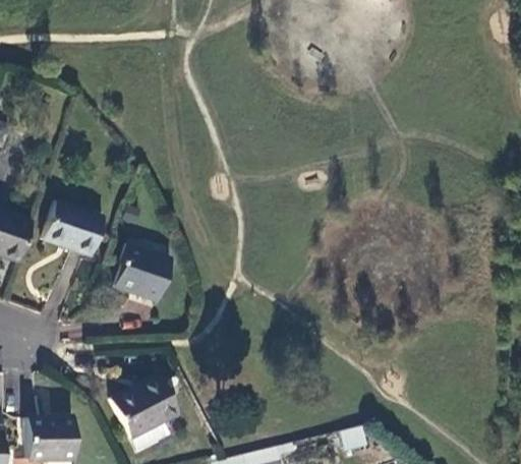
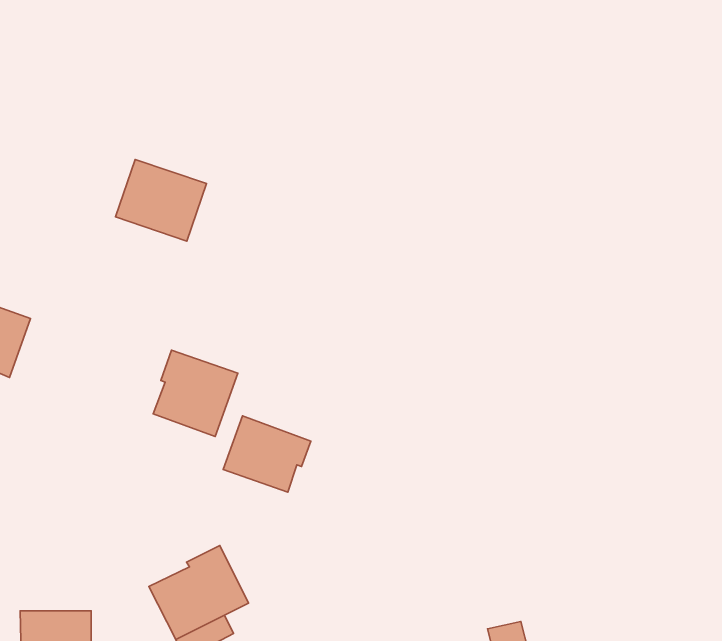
building: [44,201,105,256] -> [116,159,206,241]
building: none -> [223,416,311,492]

